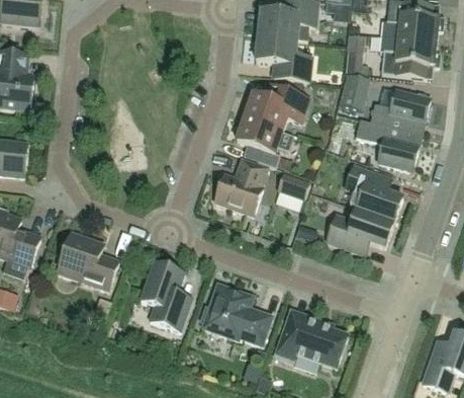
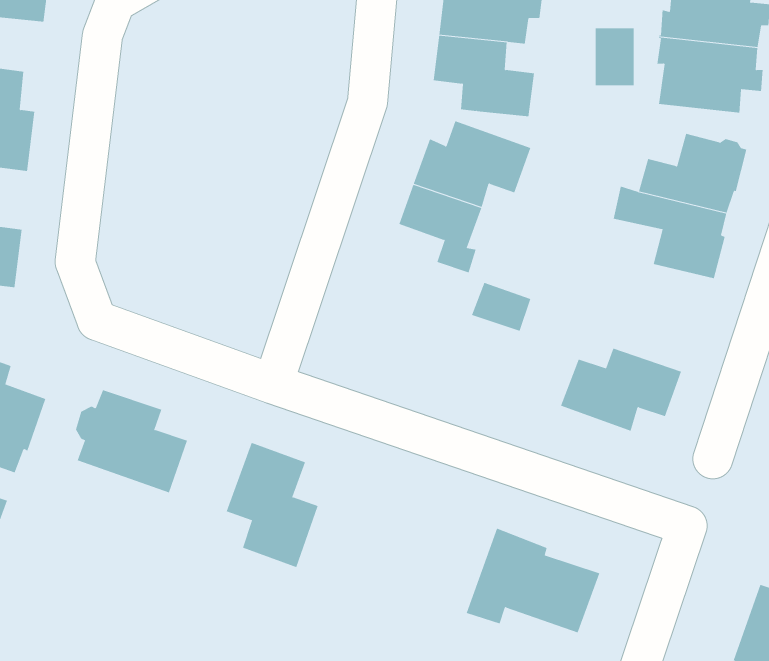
building: [339,73,370,109] -> none
building: [214,158,267,215] -> none
building: [345,165,402,222] -> none
building: [200,284,271,344] -> none

